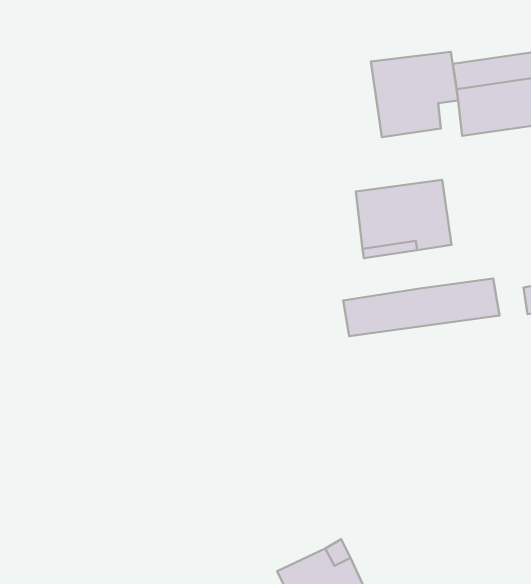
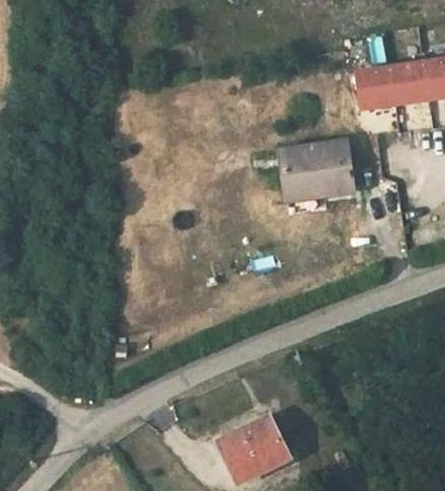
building: [371,52,458,137] -> none
building: [343,279,499,336] -> none

